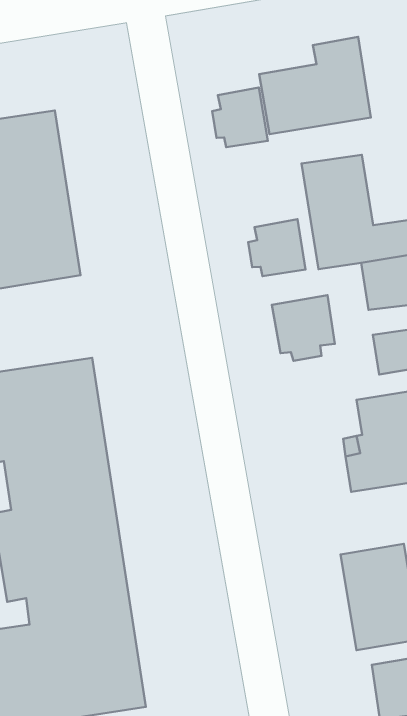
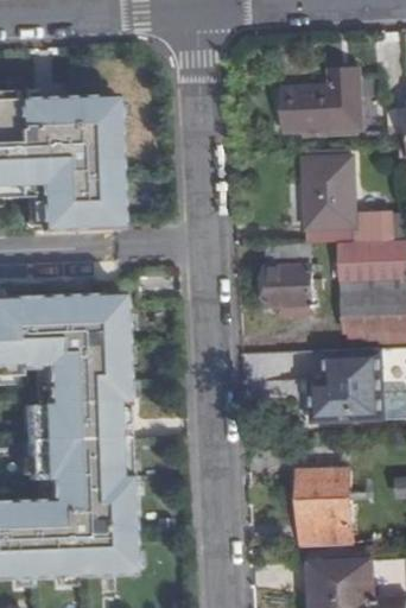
building: [212,87,268,147] -> none
building: [248,219,306,276] -> none

